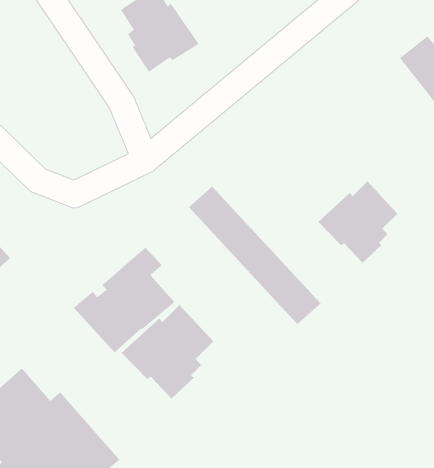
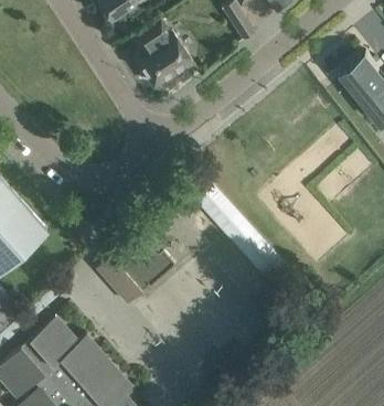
building: [317,181,398,264] -> none
building: [121,304,214,400] -> none

